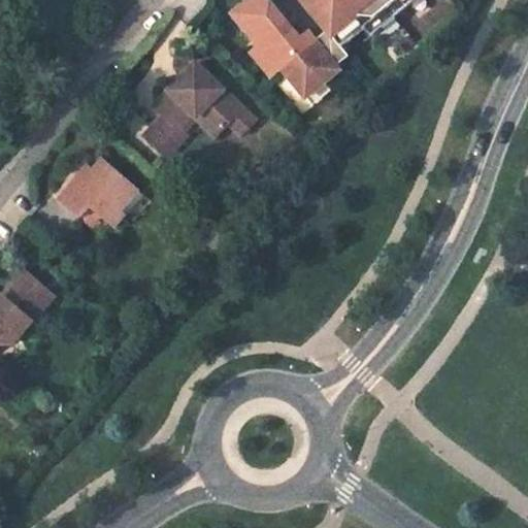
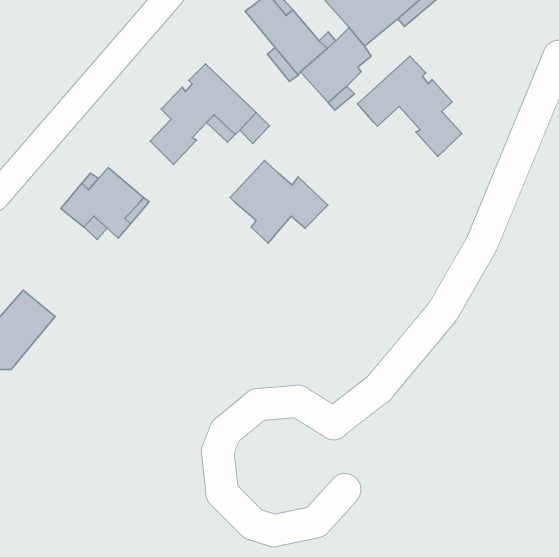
building: none -> [357,56,462,156]
building: none -> [230,161,328,243]

